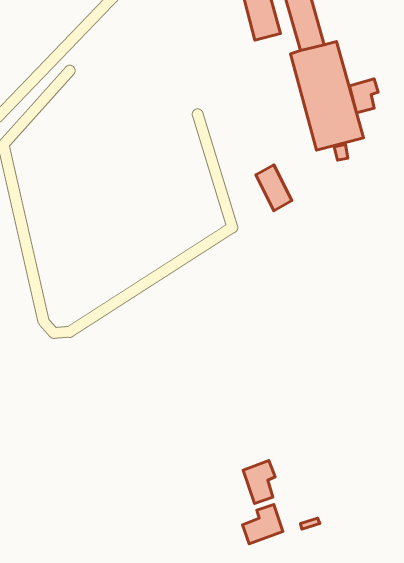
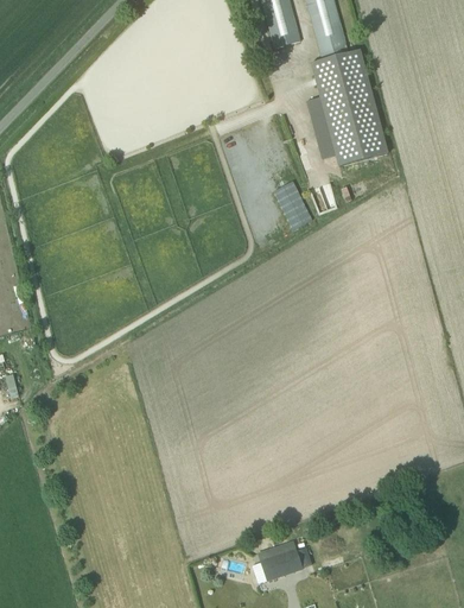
building: [350,79,378,113] -> none
building: [243,461,275,504] -> none

